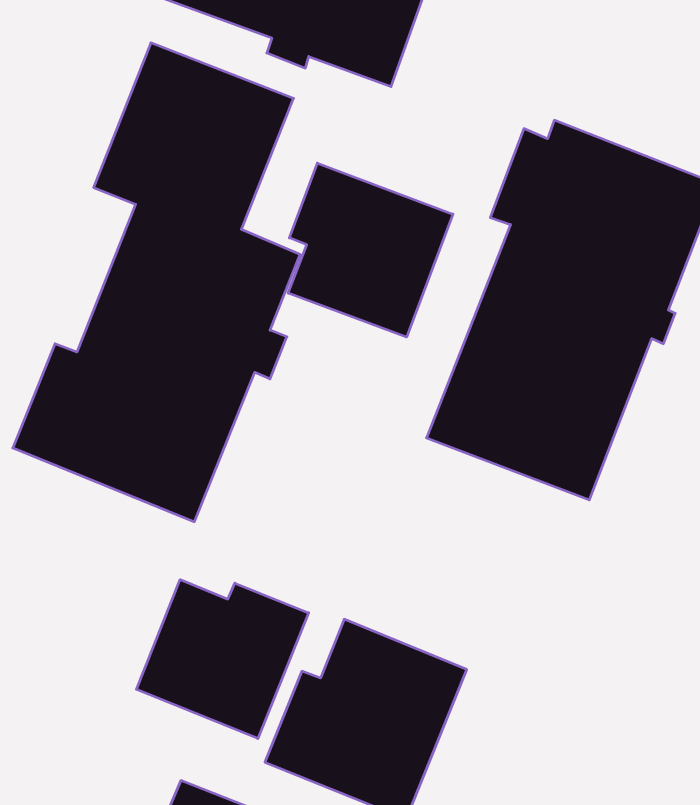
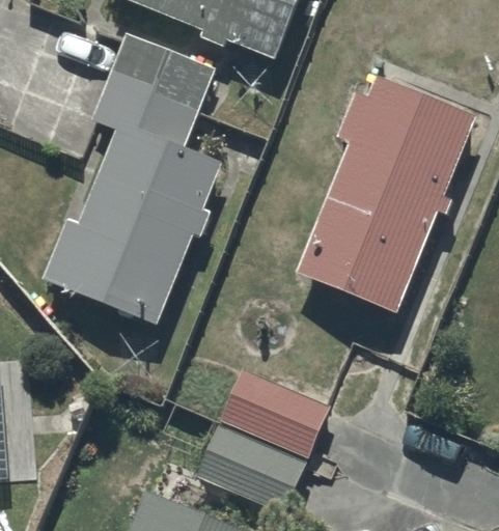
building: [288,163,453,337] -> none
building: [136,580,309,739] -> none

